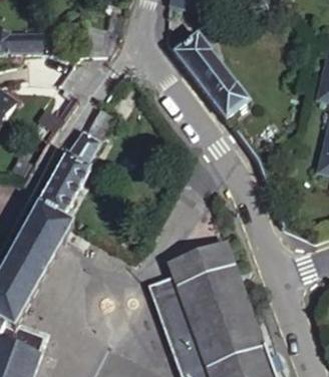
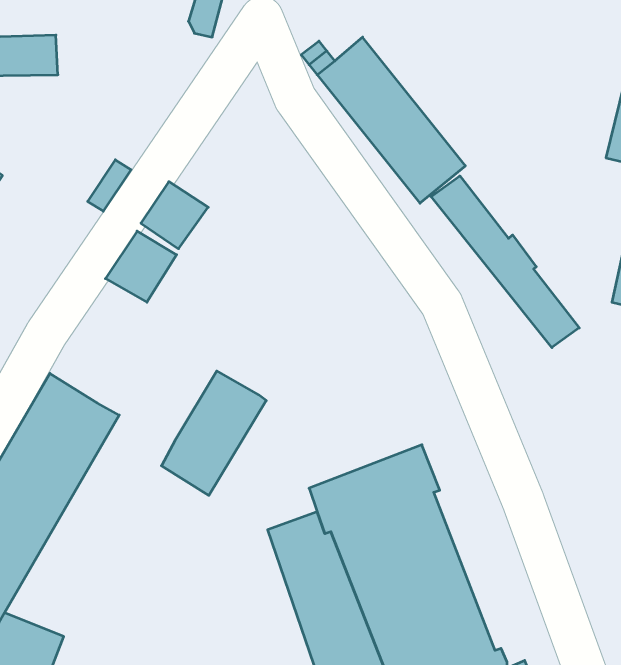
building: none -> [431,176,579,348]
building: [38,158,91,222] -> [161,371,266,495]

